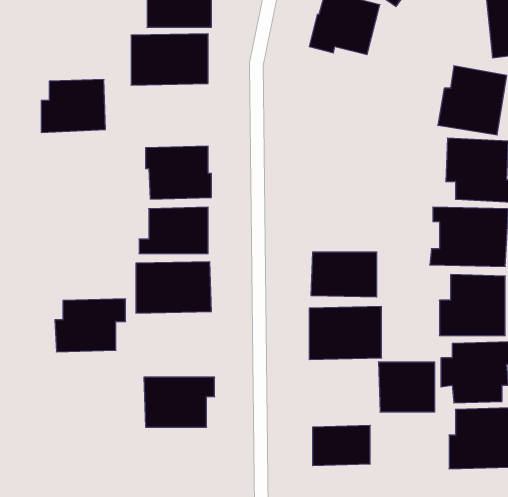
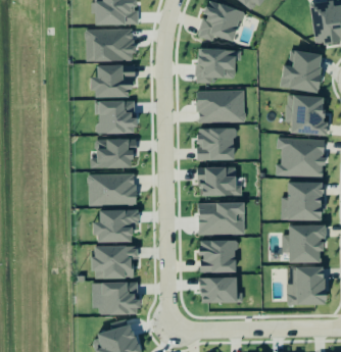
building: none -> [195,48,236,84]
building: [41,80,105,133] -> [92,64,133,98]
building: none -> [197,90,244,123]
building: none -> [197,128,235,160]
building: [55,299,126,352] -> [94,209,139,243]
building: [378,362,435,412] -> [200,241,236,272]
building: none -> [97,283,139,315]

